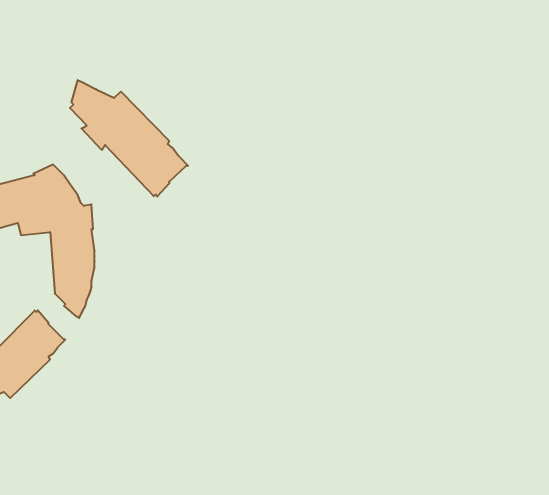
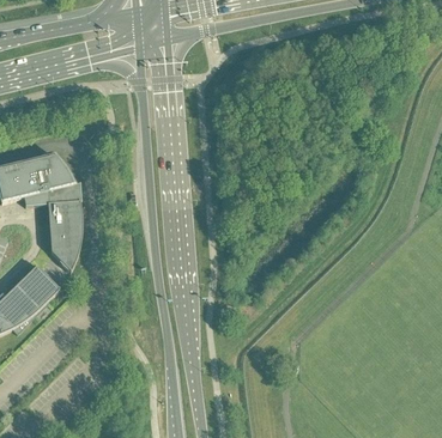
building: [70,80,188,197] -> none

